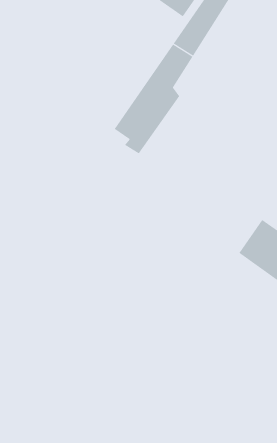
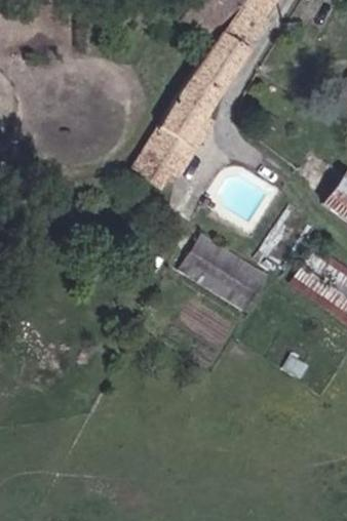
building: none -> [171,232,262,310]

